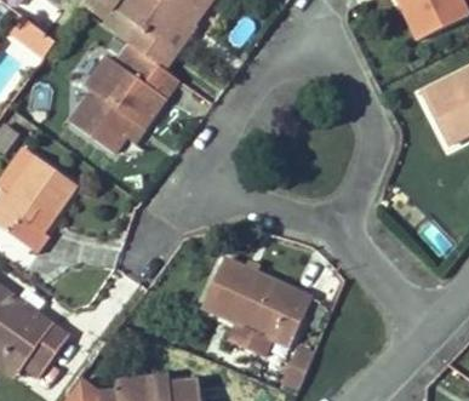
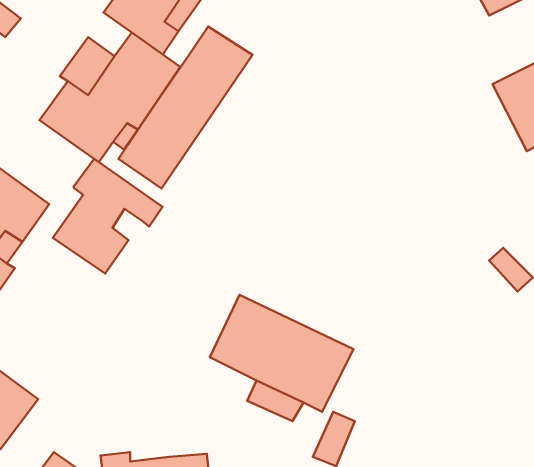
building: none -> [119,26,252,188]
building: none -> [53,159,163,273]

